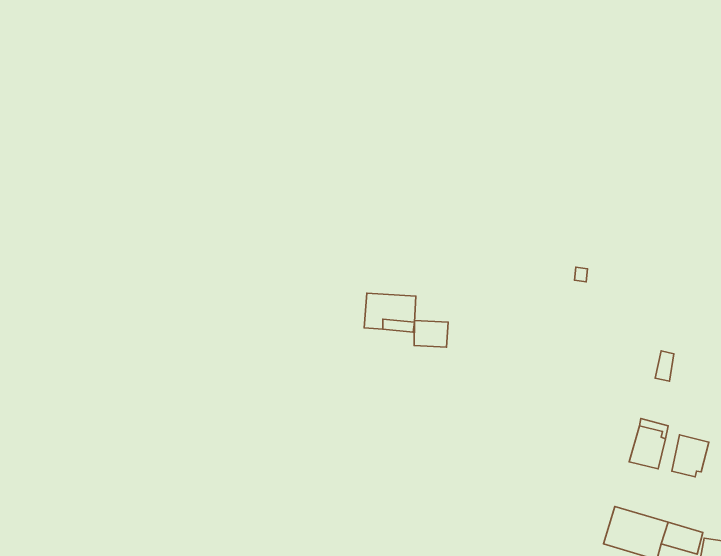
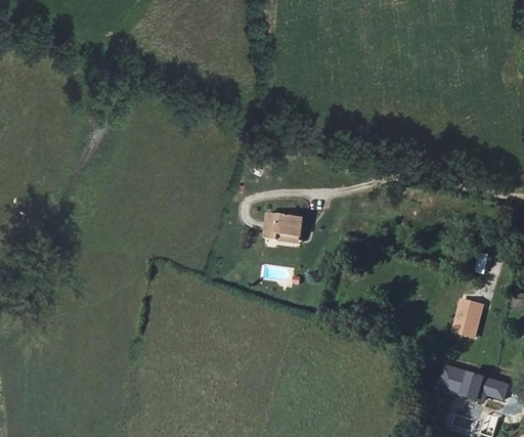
building: [414,320,448,347] -> none
building: [672,435,709,477] -> none

